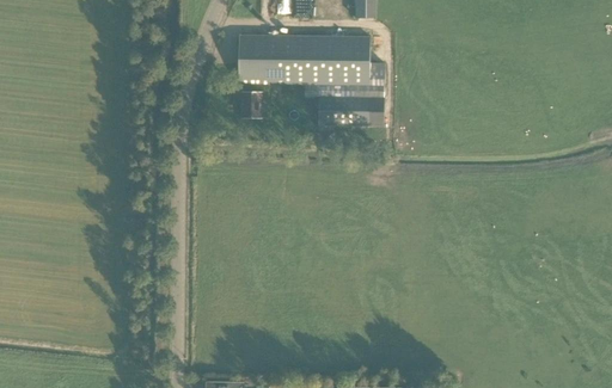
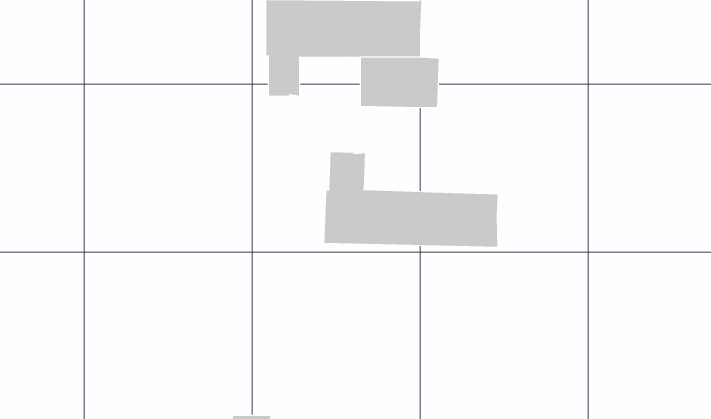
building: none -> [324,151,498,247]

